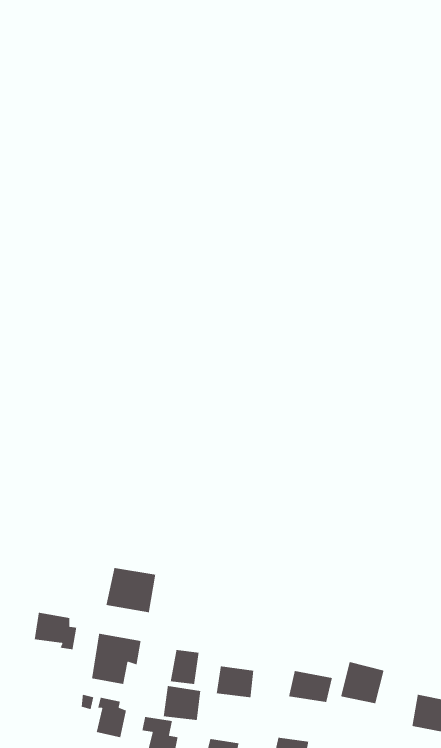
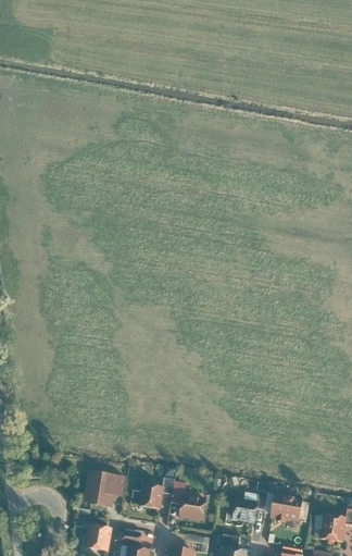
building: [105,567,156,613] -> none
building: [34,612,77,650] -> none
building: [163,685,201,721] -> none

